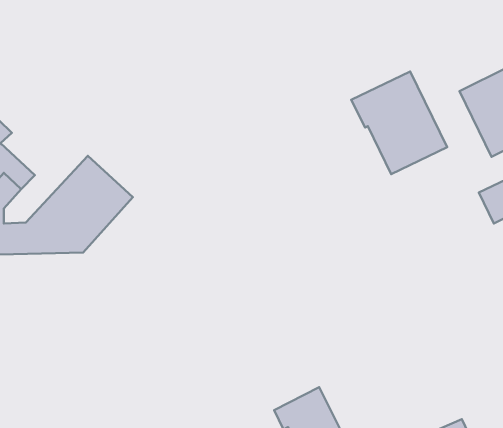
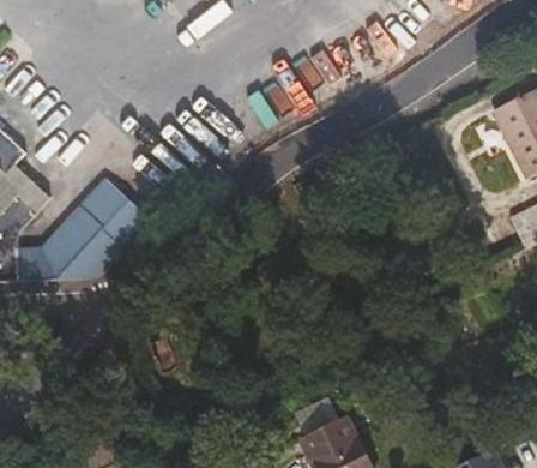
building: [351,72,447,174] -> none

